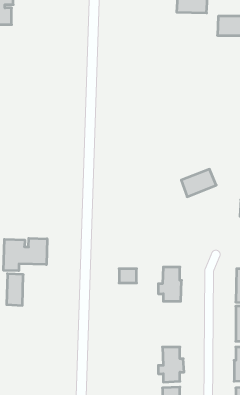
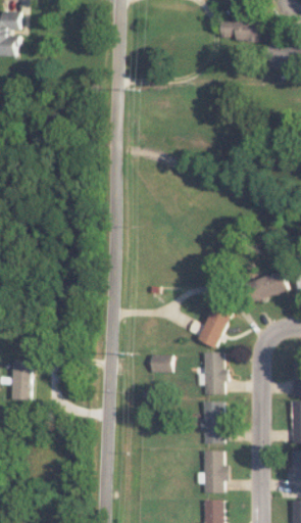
building: [181,169,216,197] -> [246,270,289,303]
building: none -> [196,303,232,348]
building: [4,238,47,271] -> none
building: none -> [202,400,224,443]

